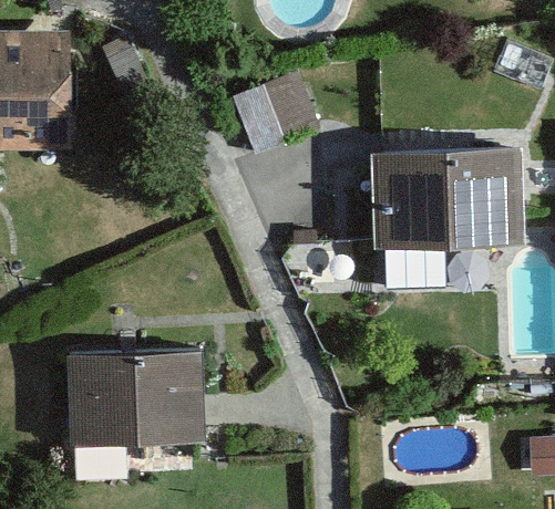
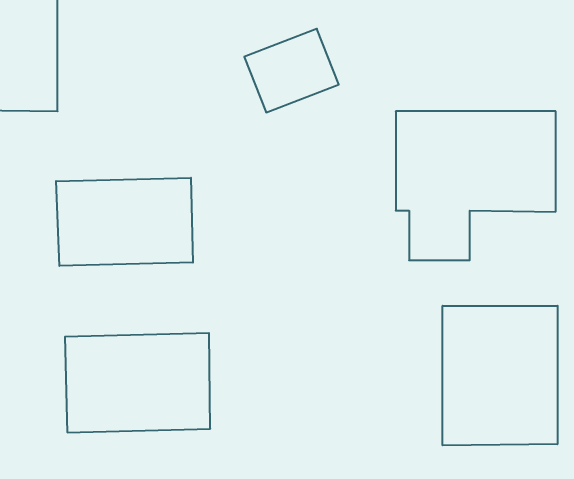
building: none -> [56,178,193,266]
building: none -> [443,306,558,445]

